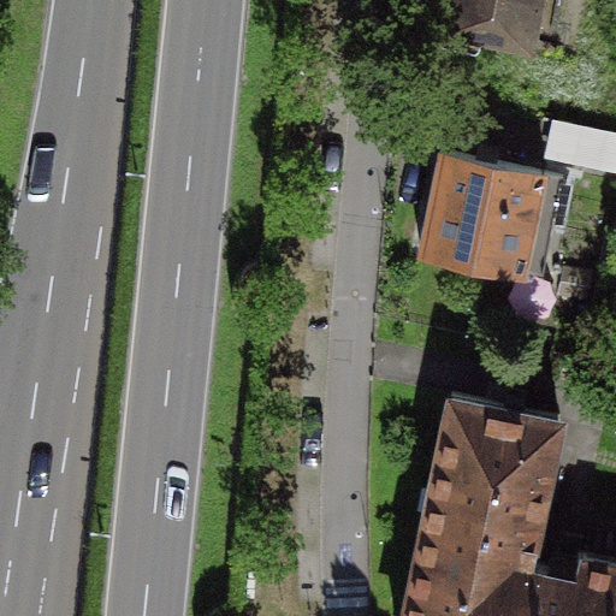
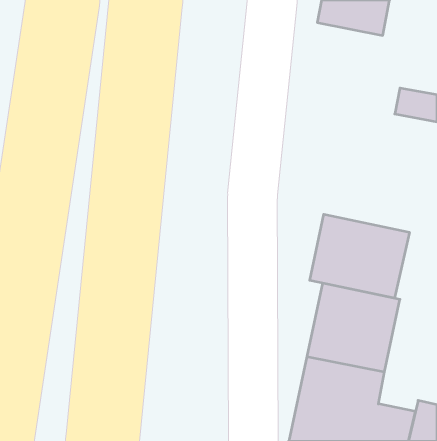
building: [424,158,563,270] -> none
building: none -> [310,214,409,298]

